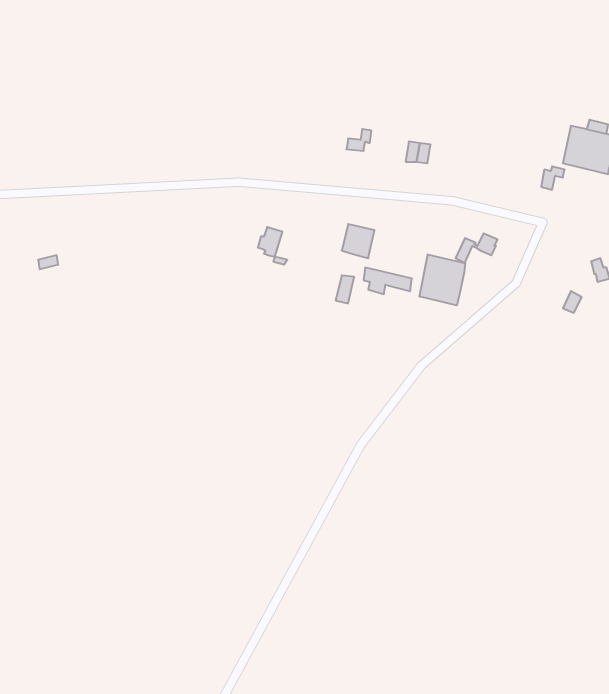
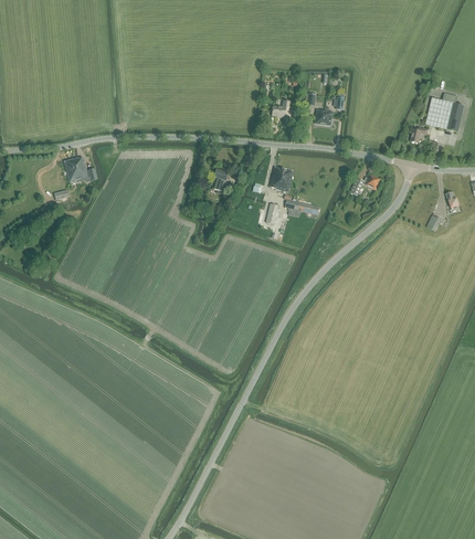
building: none -> [64,158,97,182]
building: [419,254,465,305] -> none

